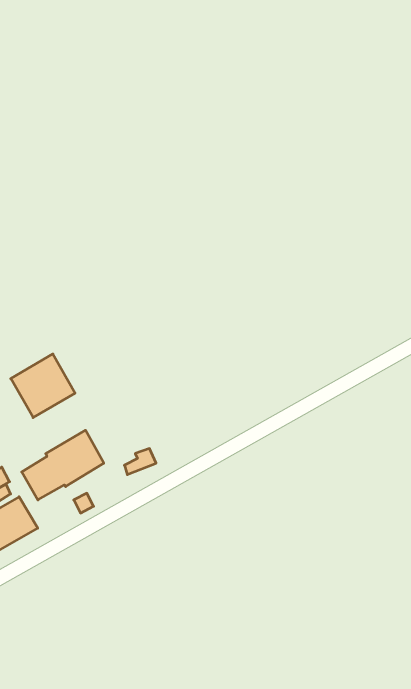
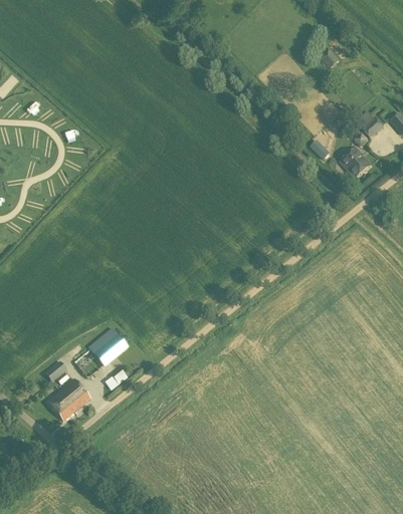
building: [11,354,75,418] -> none

